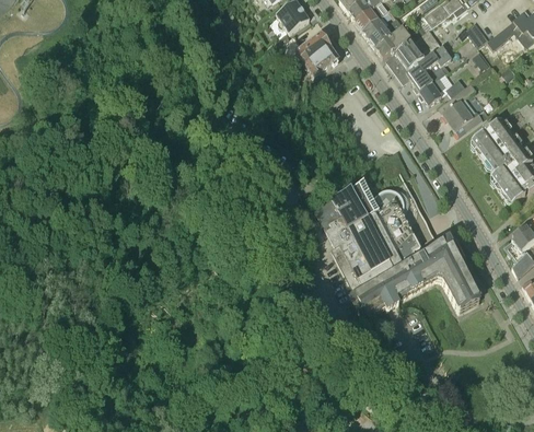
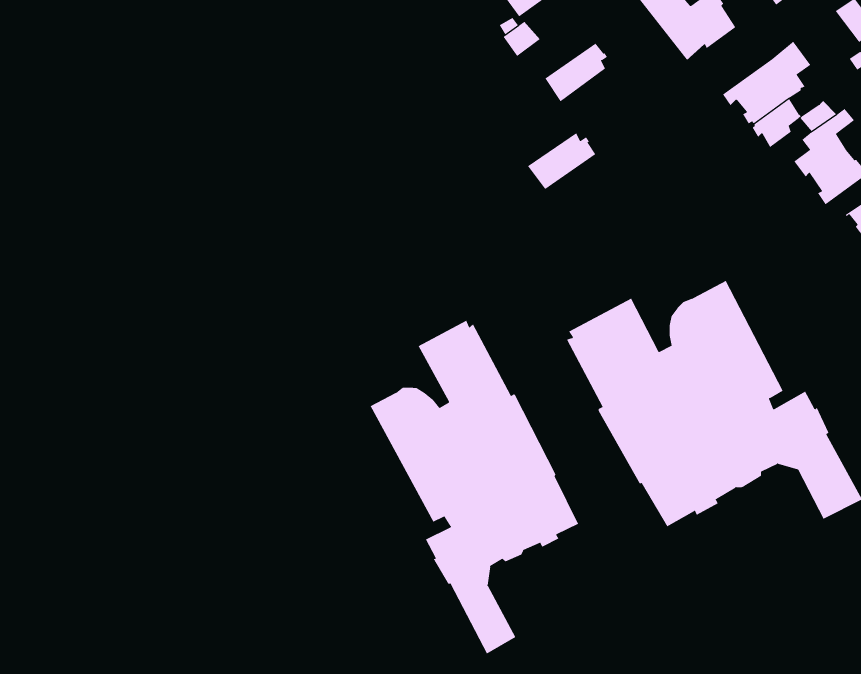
building: [388,27,441,74] -> none
building: [293,34,332,66] -> [527,133,596,190]
building: none -> [370,320,579,654]

